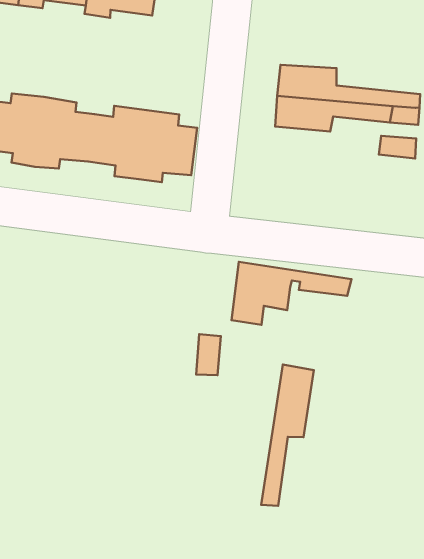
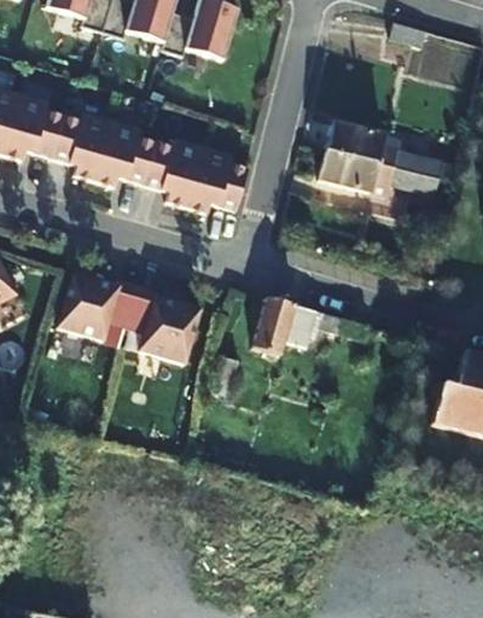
building: none -> [58,272,208,366]
building: [261,364,314,506] -> none

